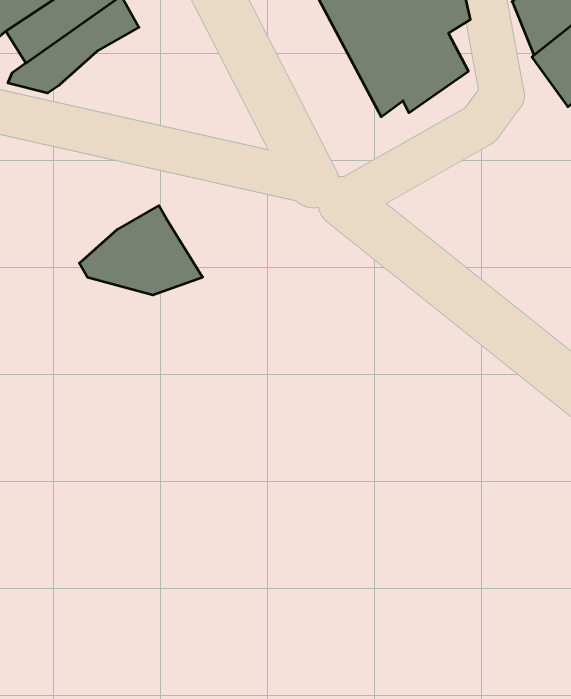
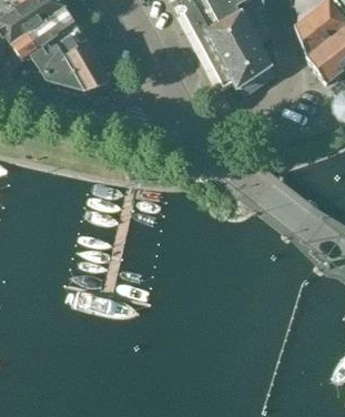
building: [79,206,203,295] -> [42,40,111,90]

